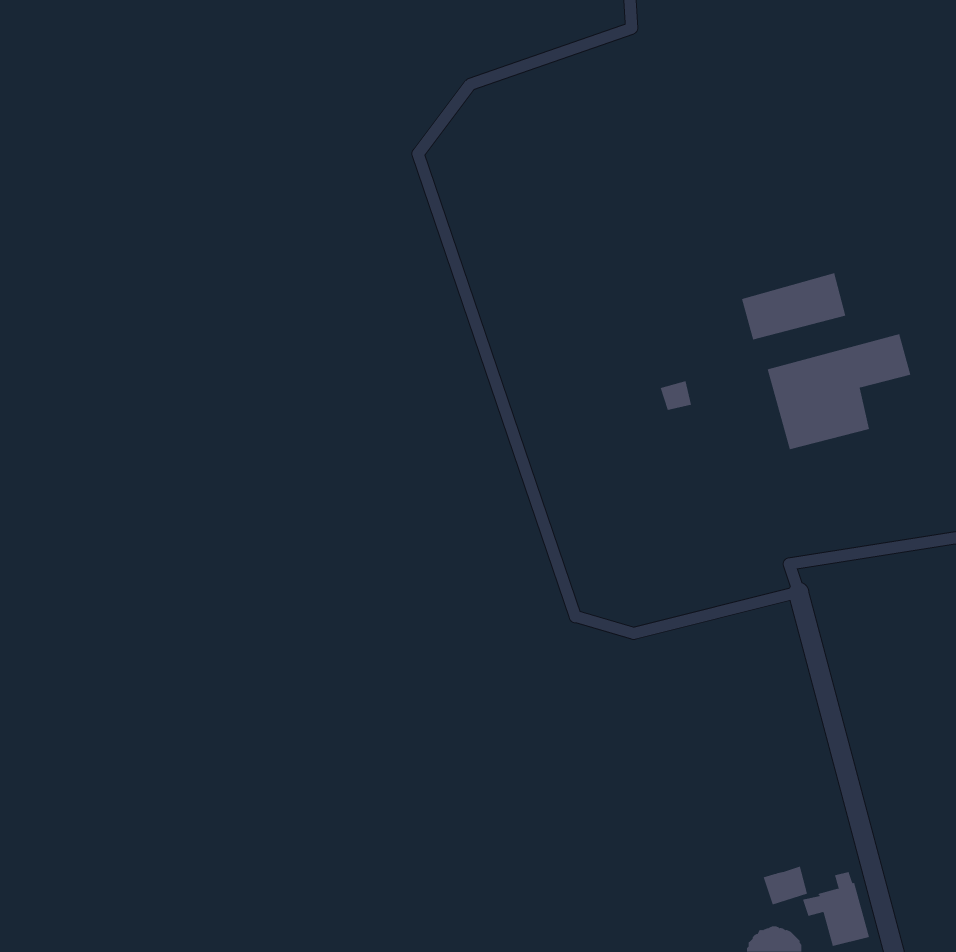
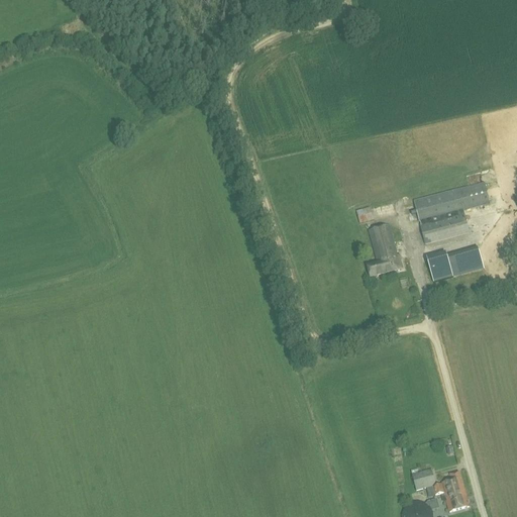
building: [741,273,846,340] -> [425,243,482,280]
building: none -> [367,223,402,276]

